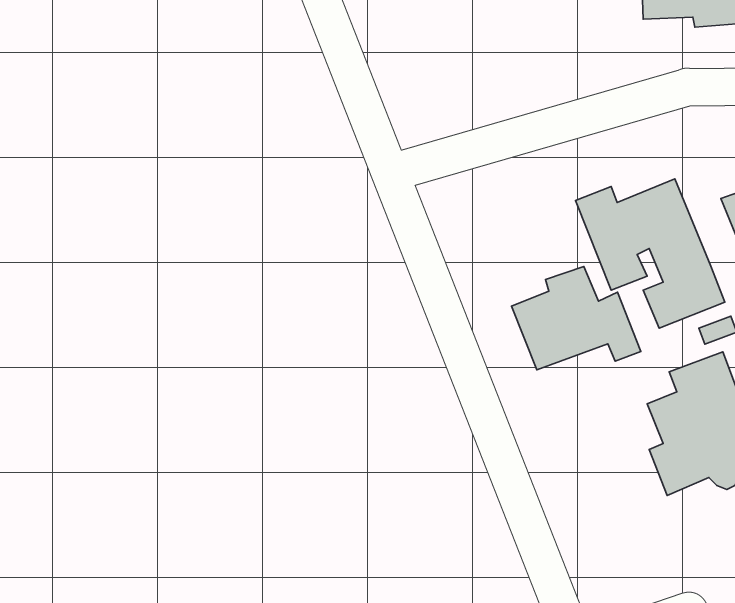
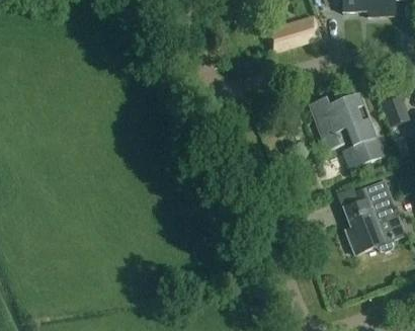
building: none -> [268,16,319,49]
building: [512,266,641,370] -> none

